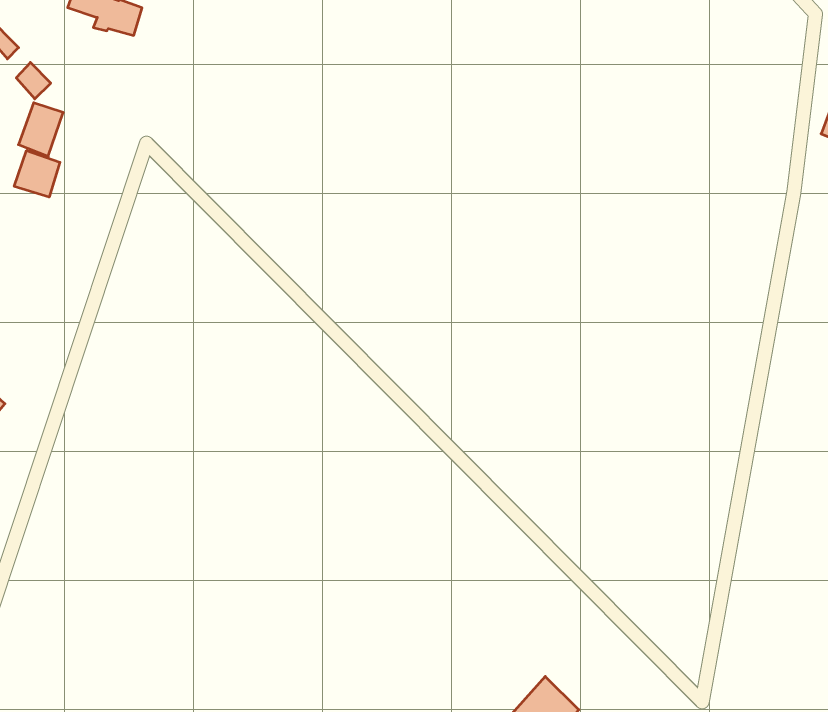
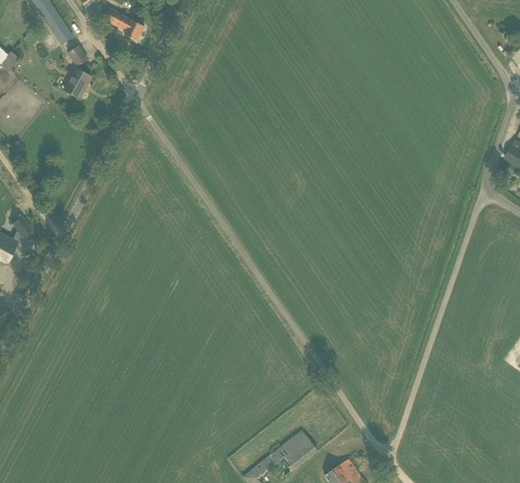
building: [14,151,60,197] -> none

